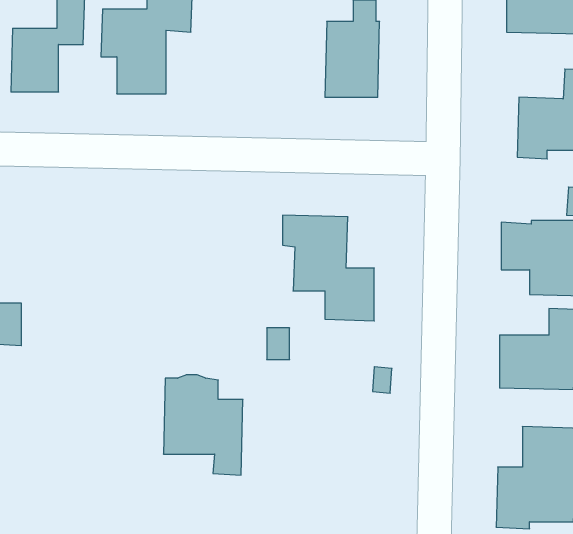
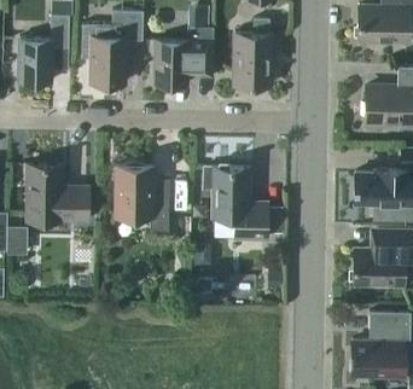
building: none -> [153,28,213,85]
building: none -> [27,164,88,221]
building: [163,375,243,475] -> [115,163,169,232]

